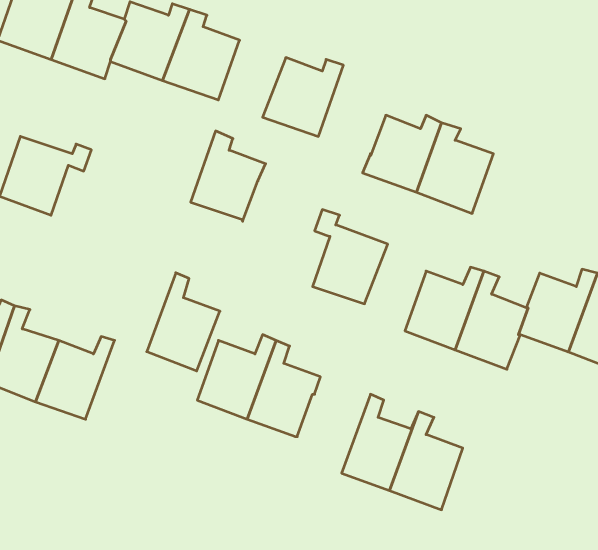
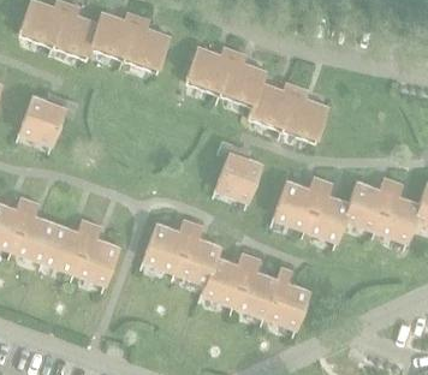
building: [191,131,266,221] -> [219,52,266,108]
building: [147,273,220,371] -> [73,224,119,285]
building: none -> [201,254,251,306]

